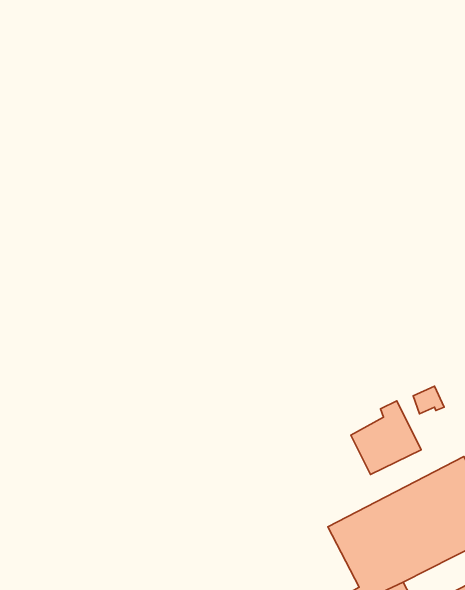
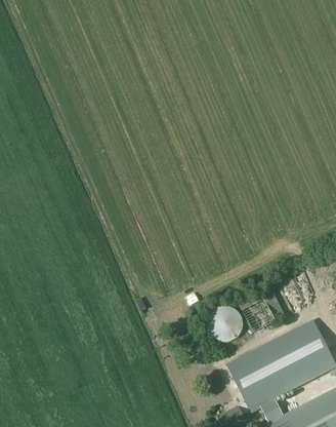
building: none -> [207,306,243,342]

